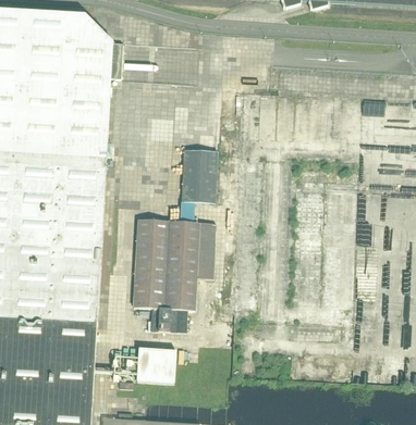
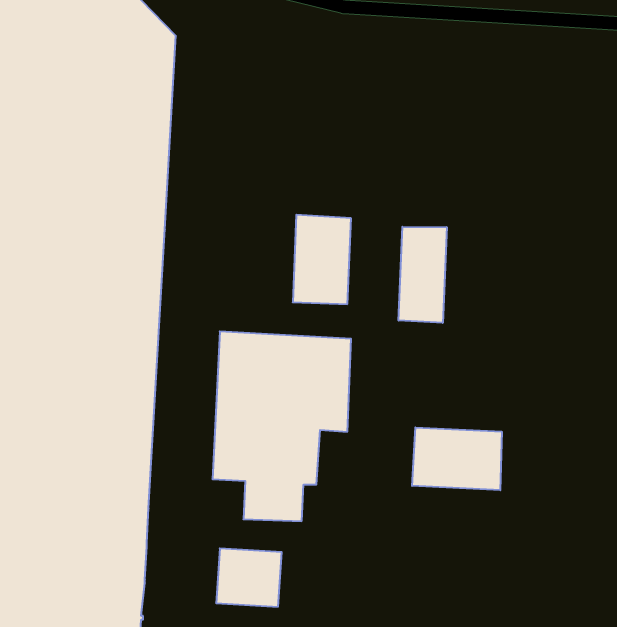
building: none -> [399,227,447,323]
building: none -> [412,427,502,490]

